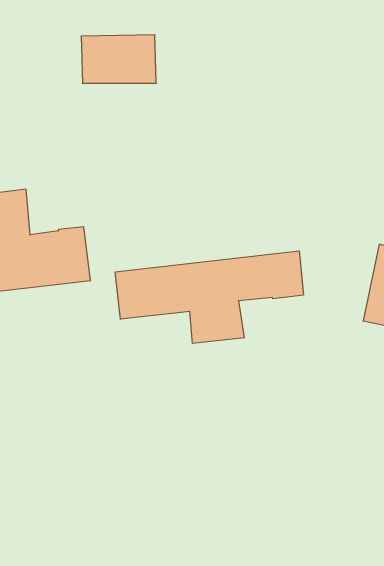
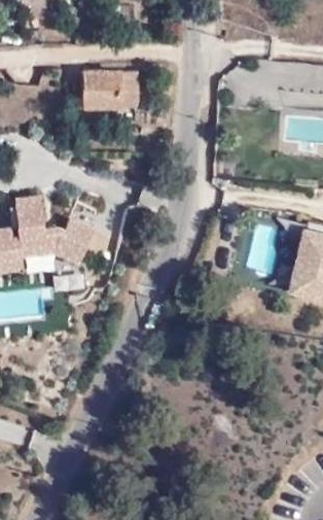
building: [115,251,303,343] -> none

